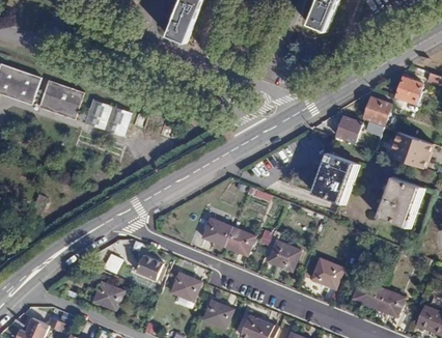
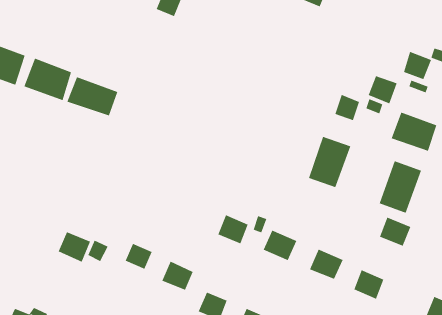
building: [201,218,231,246] -> none
building: [92,279,123,308] -> [58,232,91,262]
building: [374,288,404,316] -> [379,217,411,247]

